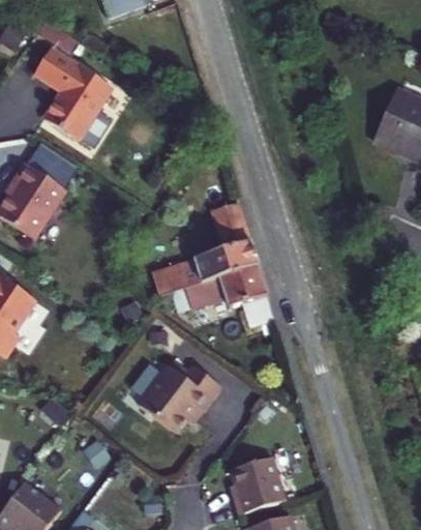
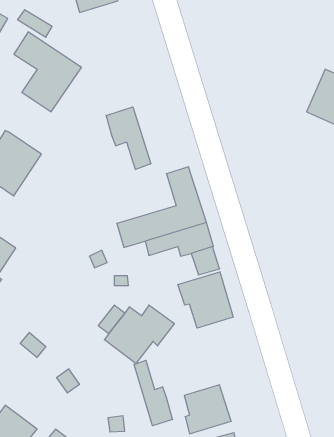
building: none -> [106,107,151,169]
building: [27,144,77,188] -> none
building: none -> [178,272,233,328]
building: none -> [134,360,173,426]

